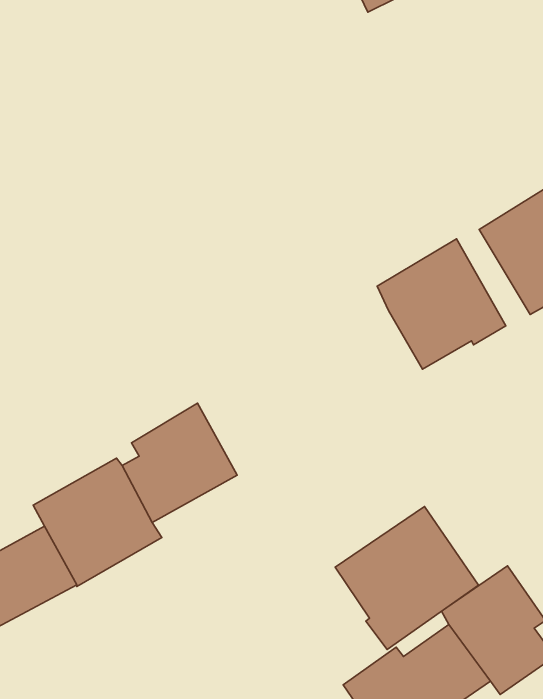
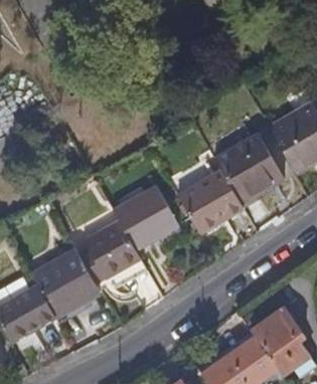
building: none -> [177,171,244,233]
building: none -> [113,185,179,249]
building: [335,507,478,649] -> none

